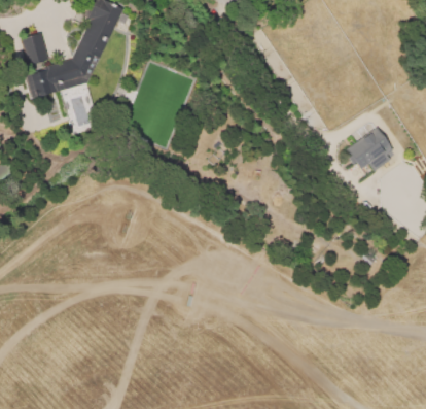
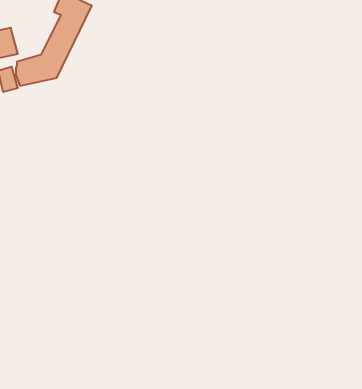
building: [60,81,96,133] -> none
building: [347,126,393,171] -> none

